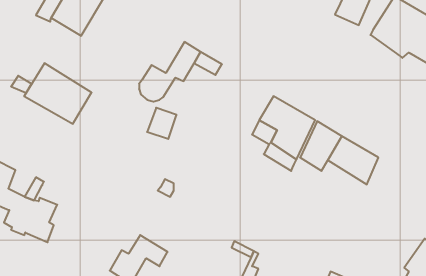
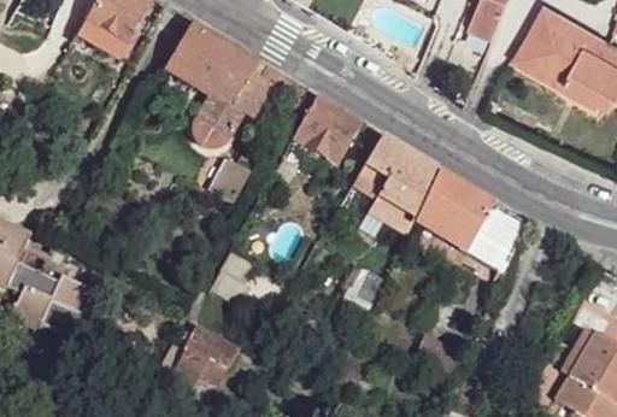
building: [24,63,92,124] -> [169,25,260,107]
building: none -> [295,99,362,164]

